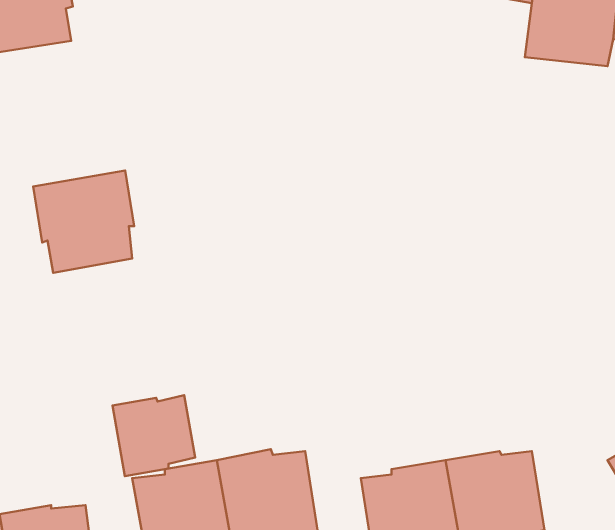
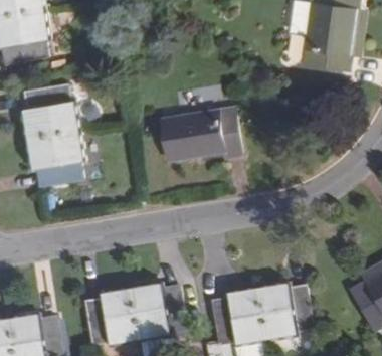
building: none -> [22,81,78,137]
building: none -> [159,106,242,158]
building: [112,395,195,476] -> none

